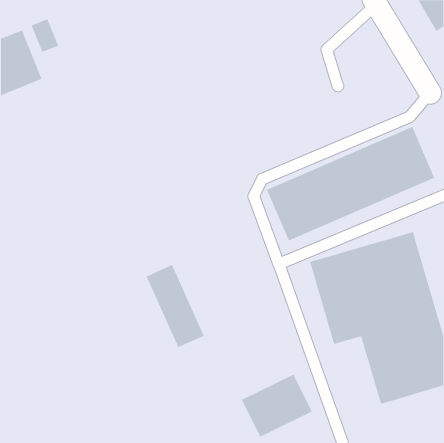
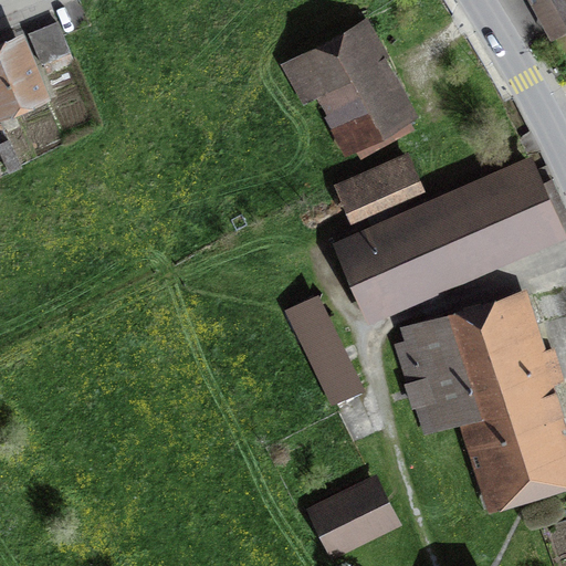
building: none -> [280,19,418,154]
building: none -> [339,153,419,211]
building: [146,264,205,348] -> [286,296,361,403]

